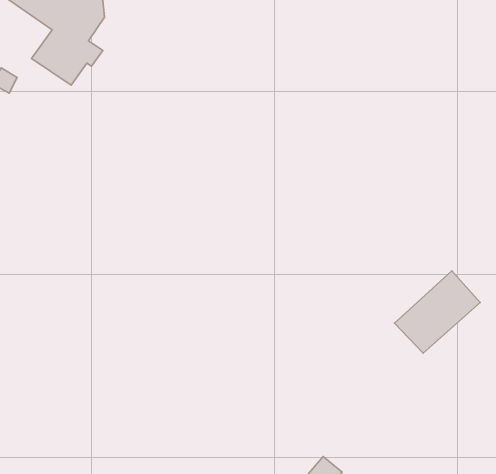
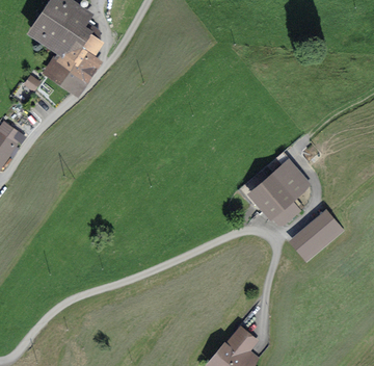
building: none -> [250,161,306,223]

